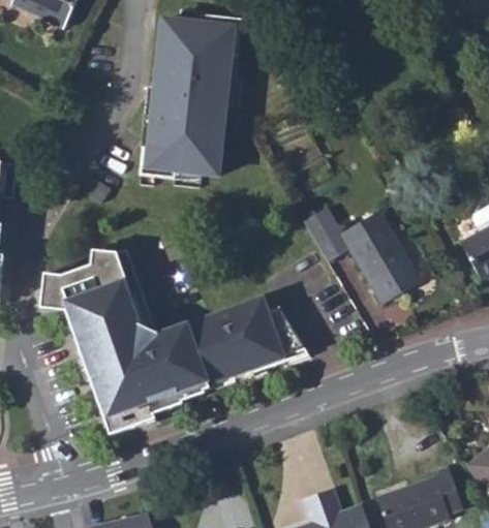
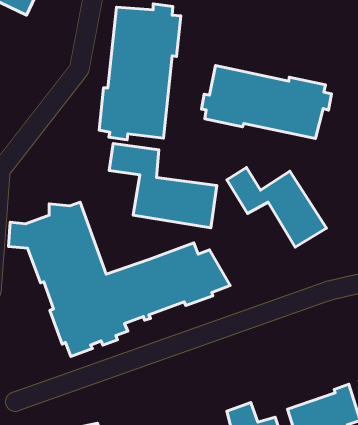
building: none -> [201,66,332,138]
building: none -> [109,143,217,228]

